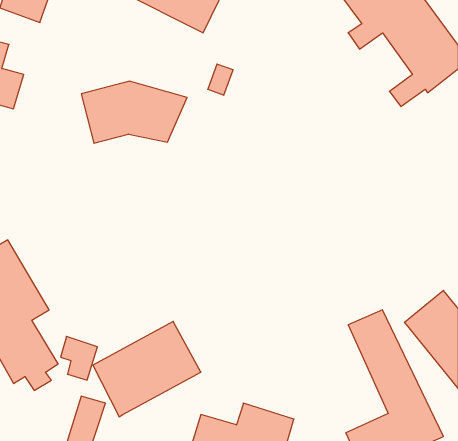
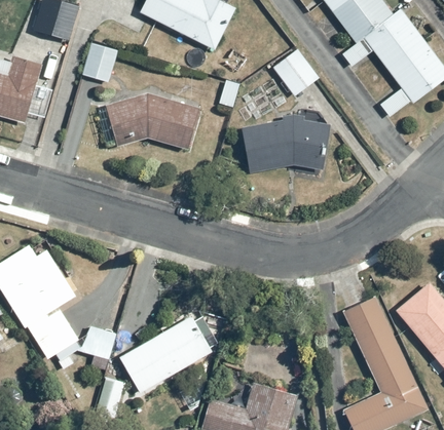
building: none -> [81,40,118,82]
building: none -> [272,47,320,96]
building: none -> [239,115,330,175]

